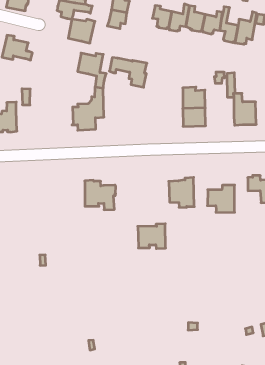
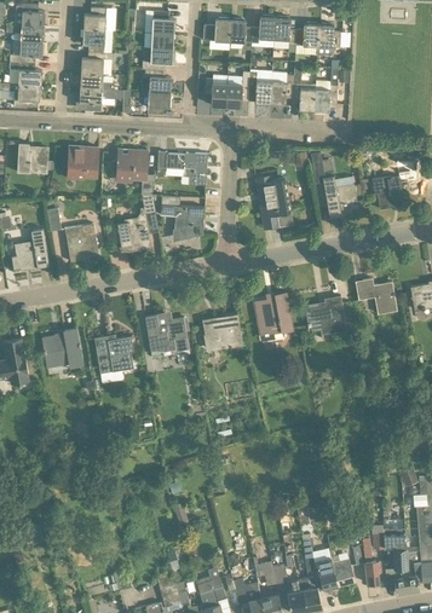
building: [68,19,95,43] -> [67,146,98,177]
building: none -> [161,195,205,239]
building: none -> [65,222,98,261]
building: none -> [42,329,82,368]
building: none -> [96,335,132,374]
building: [138,224,166,249] -> [202,313,242,349]

